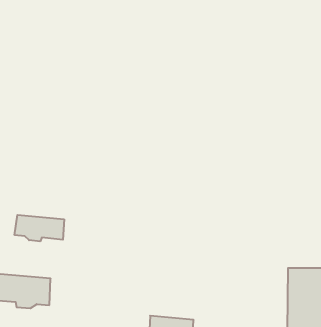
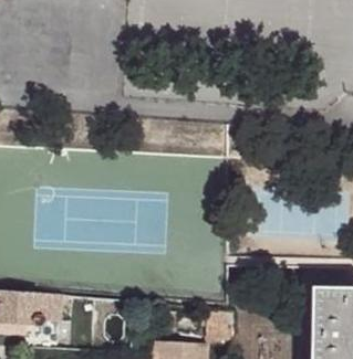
building: [15,215,64,241] -> none

